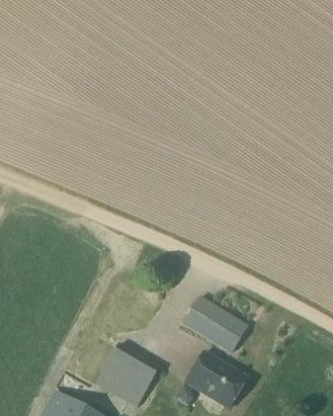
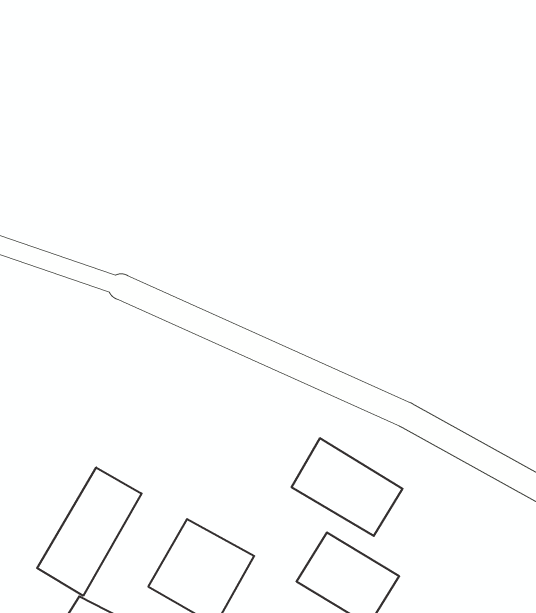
building: none -> [37,467,142,596]

